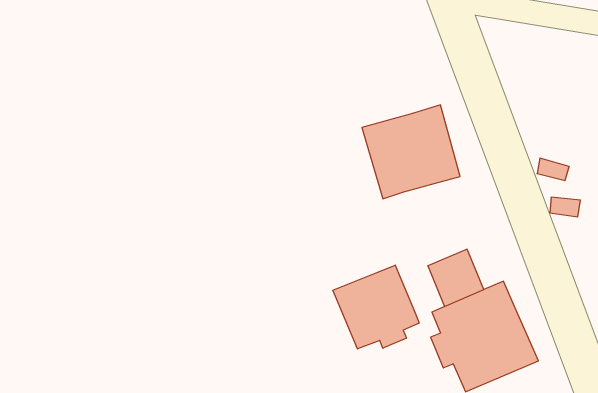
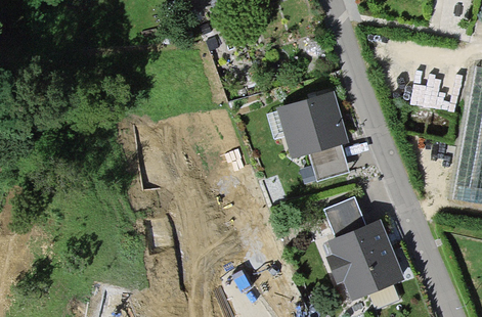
building: none -> [308,145,349,180]
building: [333,265,419,349] -> none

